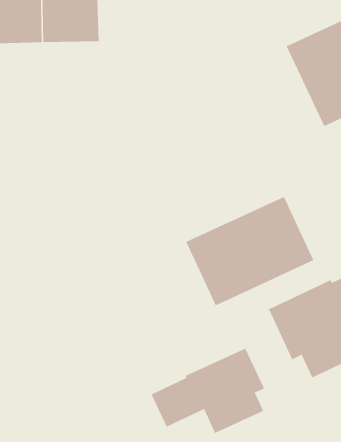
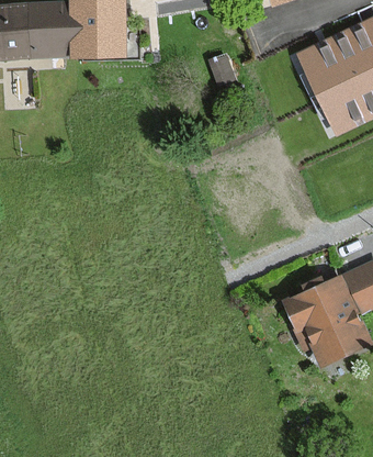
building: [185,196,314,306] -> none
building: [151,348,265,434] -> none

